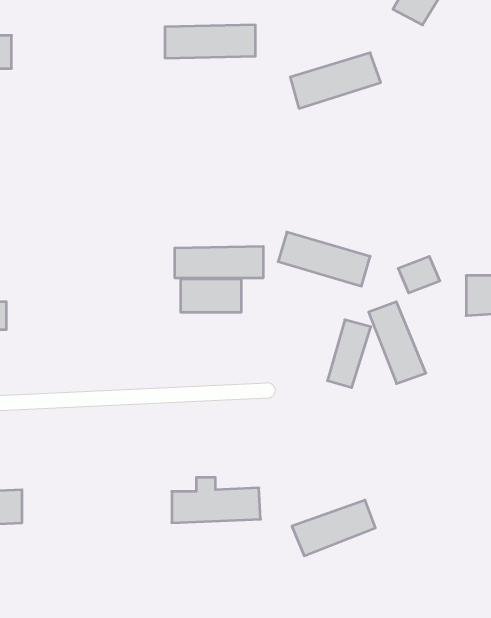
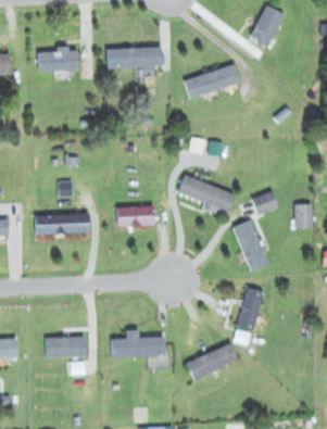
building: none -> [37,50,79,71]
building: [175,246,263,278] -> [35,214,90,234]
building: [327,320,371,388] -> [237,288,264,330]
building: none -> [46,338,86,358]

